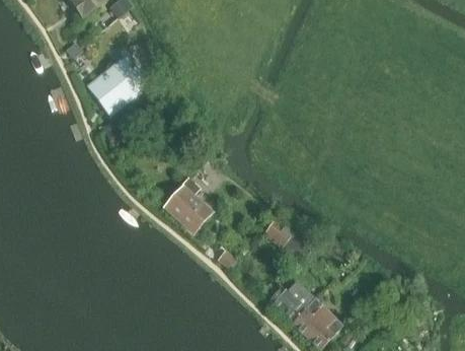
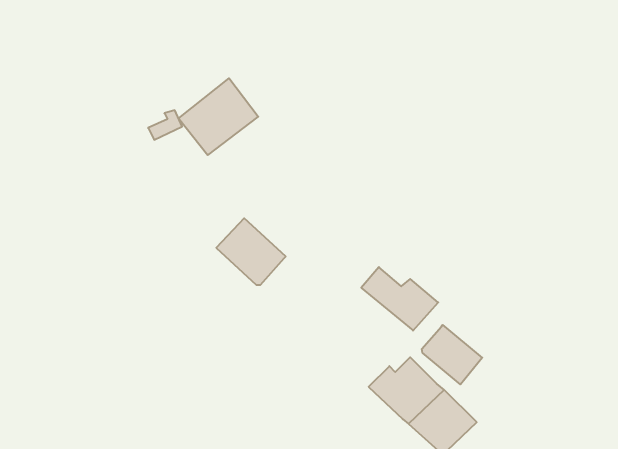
building: [91,58,146,111] -> [178,78,258,155]
building: none -> [422,325,482,384]

